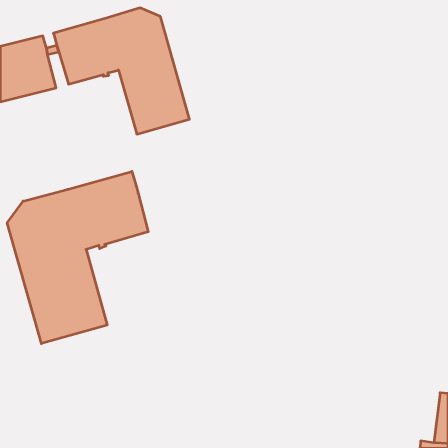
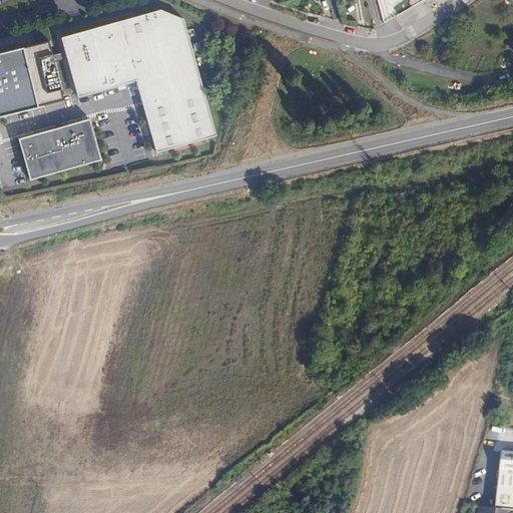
building: none -> [18,119,101,180]
building: [7,171,148,344] -> none

